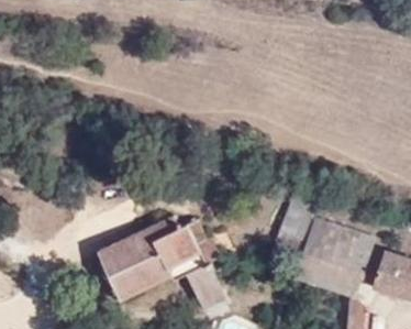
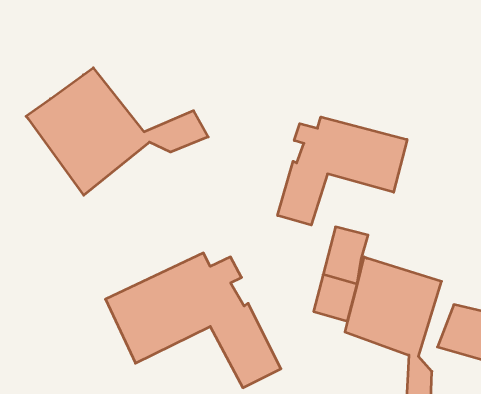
building: none -> [26,68,208,195]
building: none -> [278,117,407,225]

